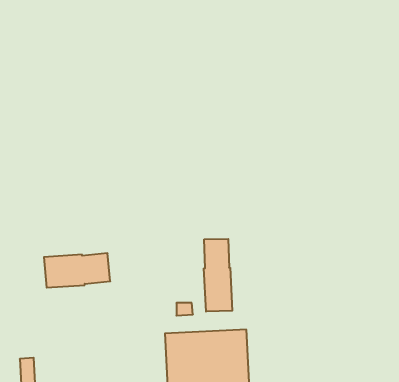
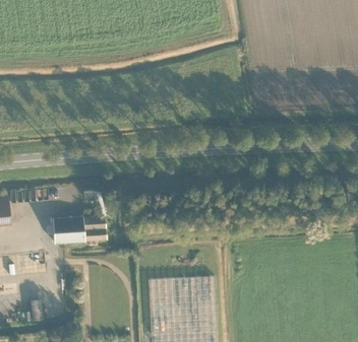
building: [204,239,232,312] -> none

